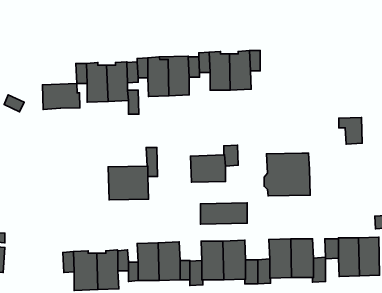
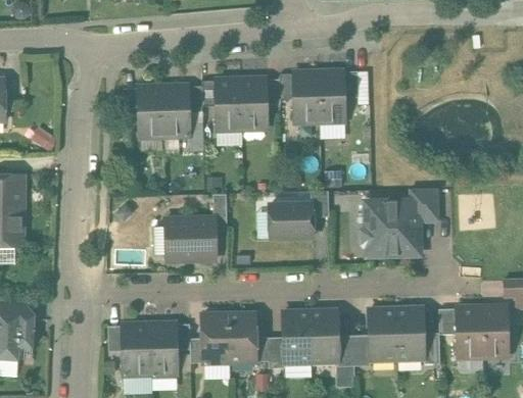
building: [42,84,80,109] -> none
building: [339,117,362,144] -> [410,188,439,221]
building: [200,203,247,224] -> none

